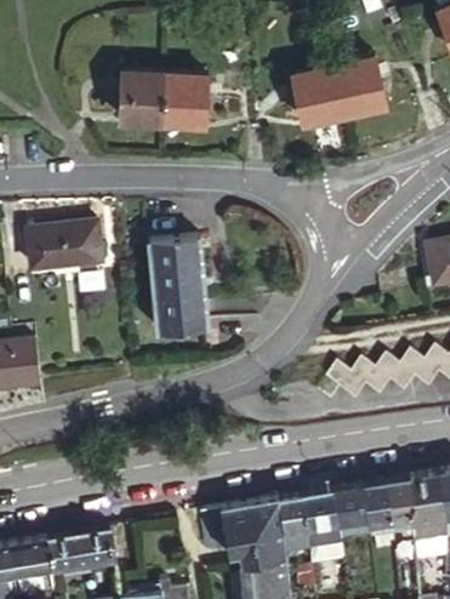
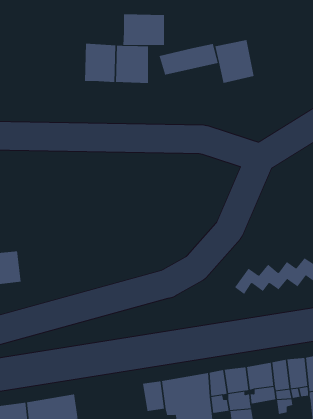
building: none -> [123,13,165,46]
building: [332,57,385,114] -> none
building: none -> [159,43,218,75]
building: [27,222,98,263] -> none
building: [147,238,209,331] -> none

